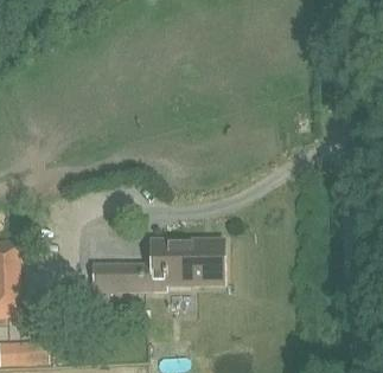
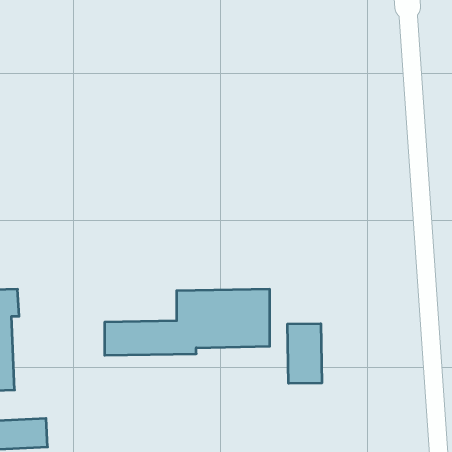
building: none -> [288,324,322,383]

